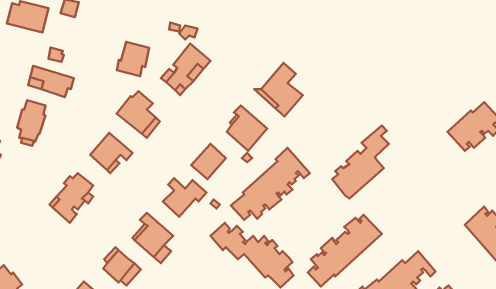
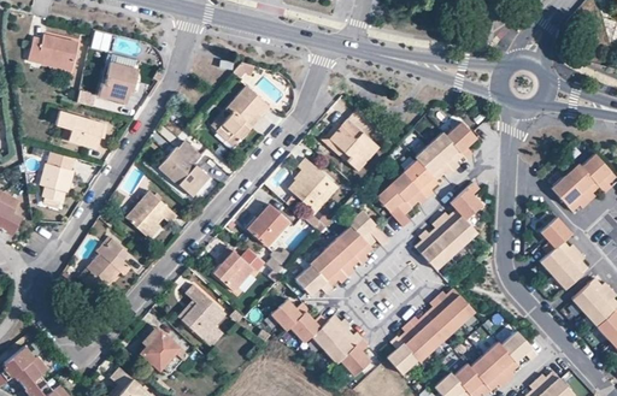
building: [117,42,149,76] -> [99,61,137,102]
building: none -> [376,120,476,226]
building: none -> [540,217,589,290]

